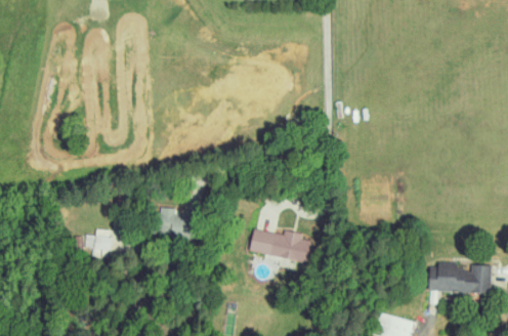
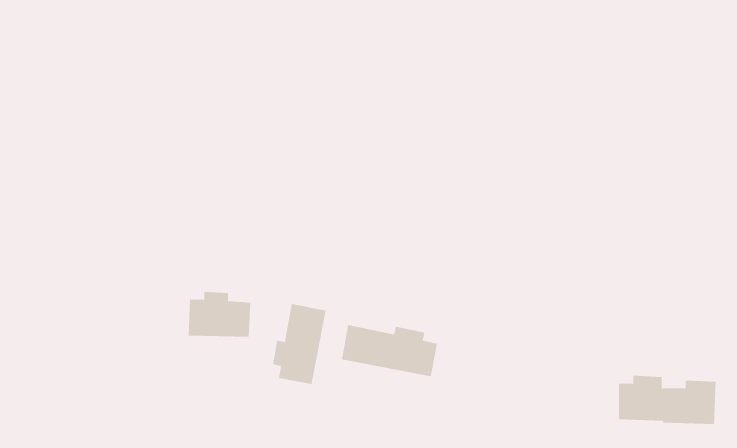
building: none -> [272,303,326,385]
building: [85,228,111,254] -> none

